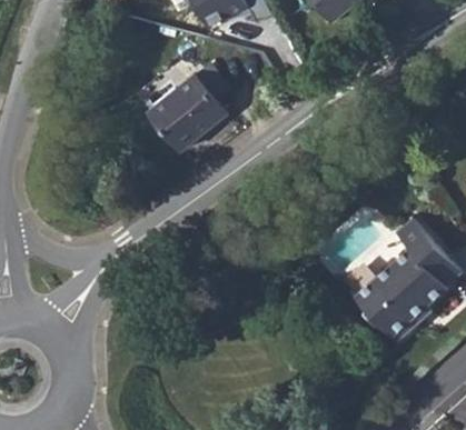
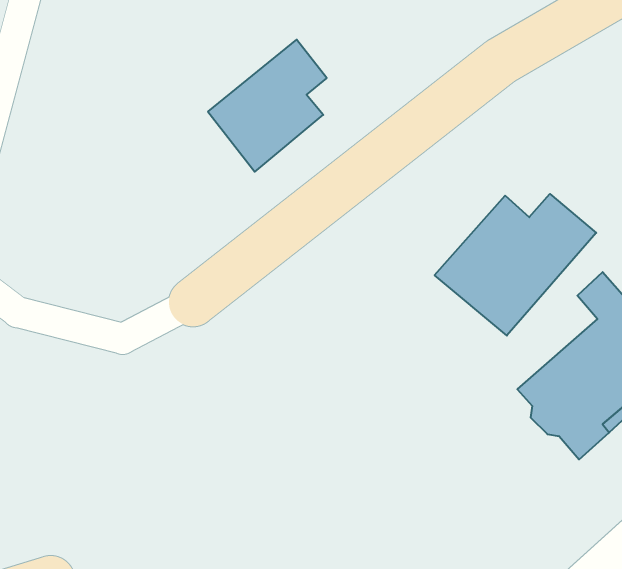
building: none -> [435,194,596,336]

